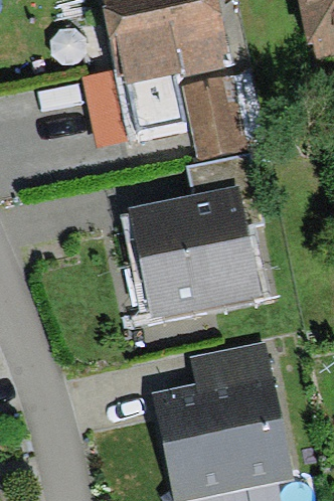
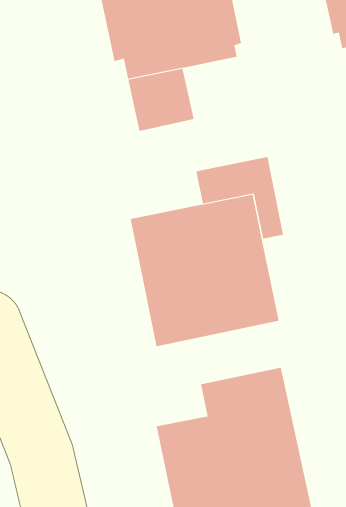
building: [82,66,139,149] -> none
building: [182,73,249,161] -> none

